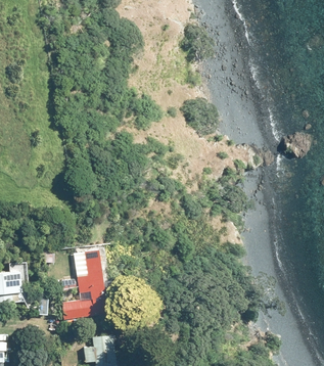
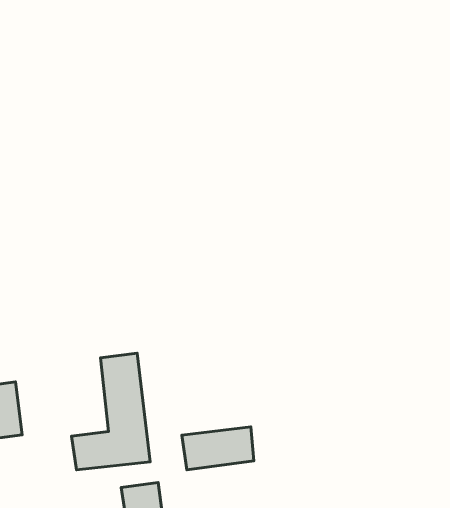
building: none -> [182,427,254,470]

